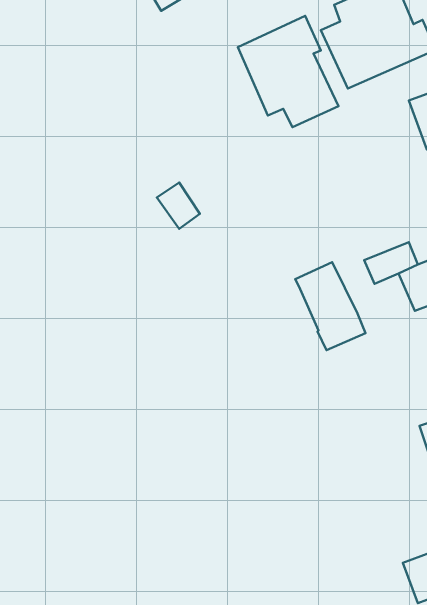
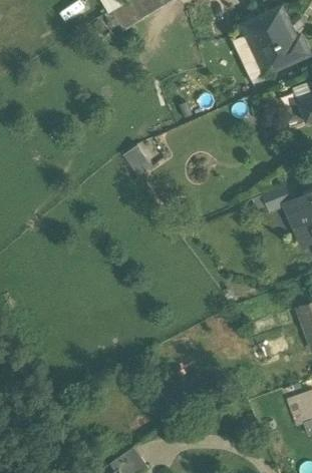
building: [238,16,339,127] -> none
building: [295,262,366,350] -> none

